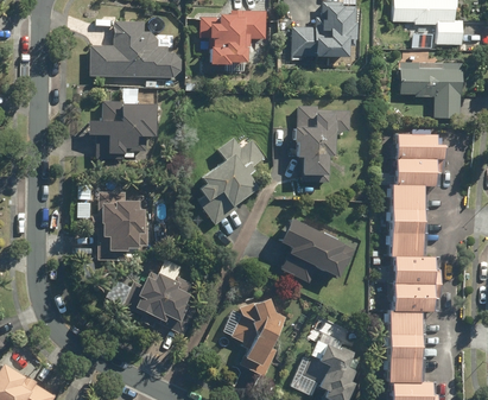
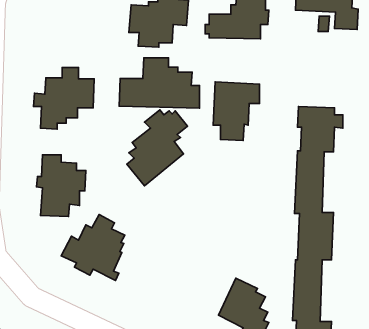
building: [88,20,180,78] -> [119,58,199,108]
building: [401,63,463,118] -> none
building: [281,217,350,284] -> none
building: [232,298,285,376] -> none

